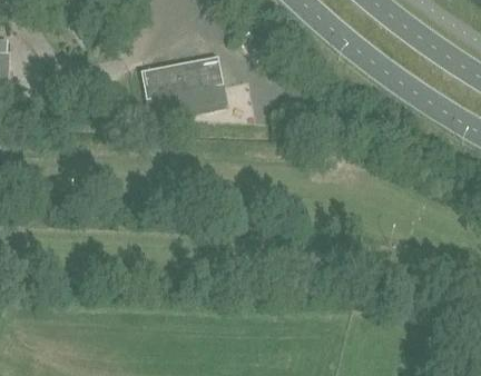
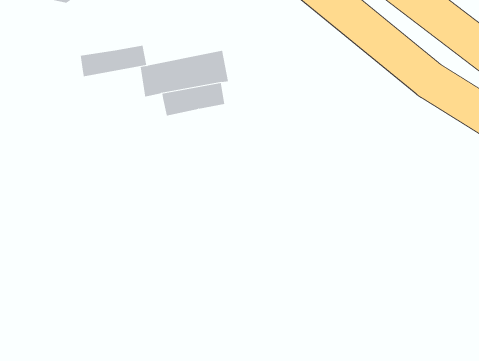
building: none -> [80,45,147,77]

